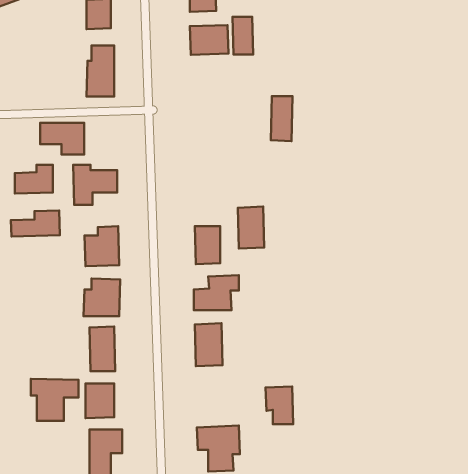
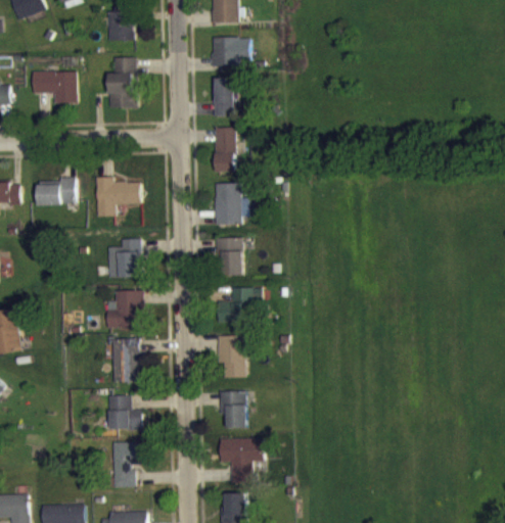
building: [233,17,253,55] -> [214,78,234,115]
building: [271,96,292,141] -> [214,128,235,173]
building: [40,123,84,154] -> [32,72,76,103]
building: [238,207,264,249] -> [214,183,240,225]
building: [11,210,60,236] -> none
building: [31,379,79,421] -> none
building: [266,386,293,424] -> [219,390,246,428]

